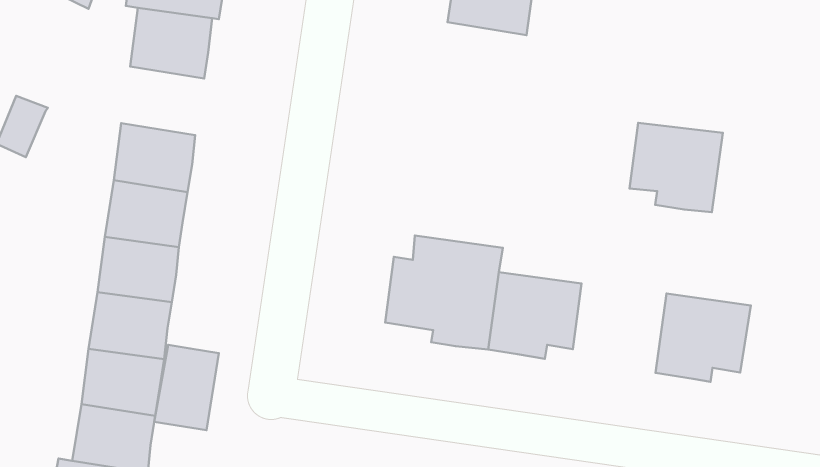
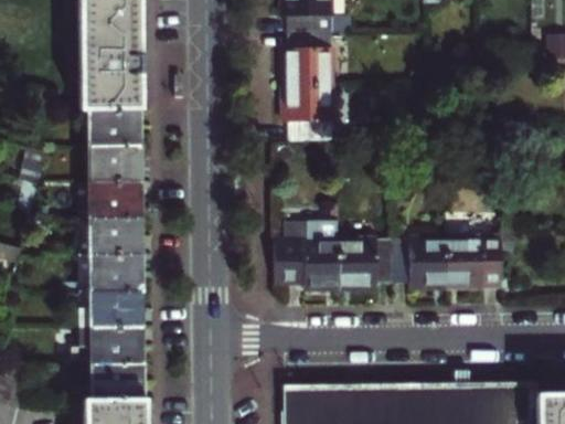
building: none -> [286,88,337,141]
building: none -> [92,148,139,184]
building: [629,123,723,212] -> [396,236,451,288]
building: [154,345,219,430] -> none

